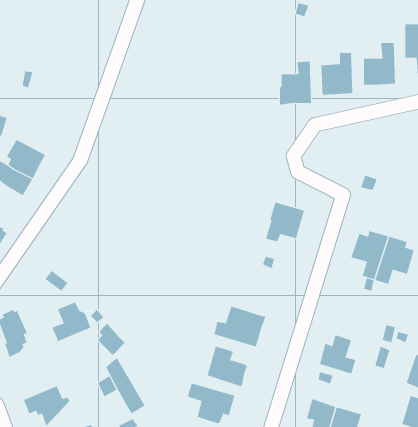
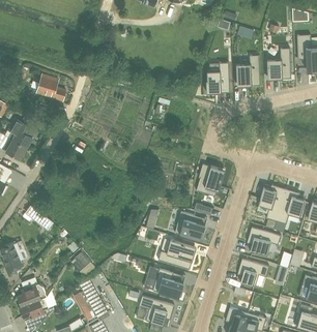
building: none -> [37,74,66,100]
building: none -> [174,211,205,240]
building: none -> [244,228,273,259]
building: [51,302,91,343] -> [18,277,47,307]

